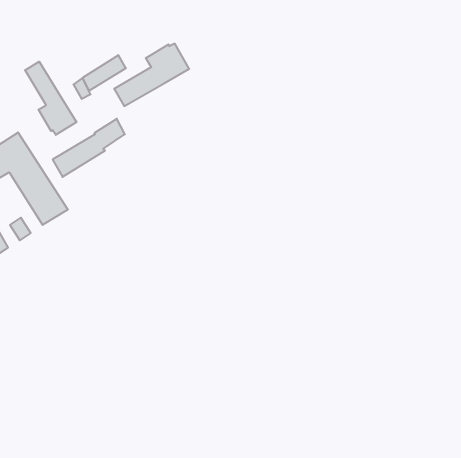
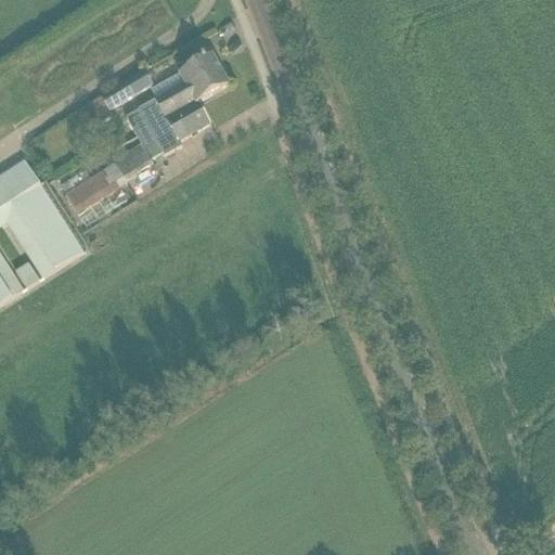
building: [25,62,76,135] -> none
building: none -> [149,100,208,153]

